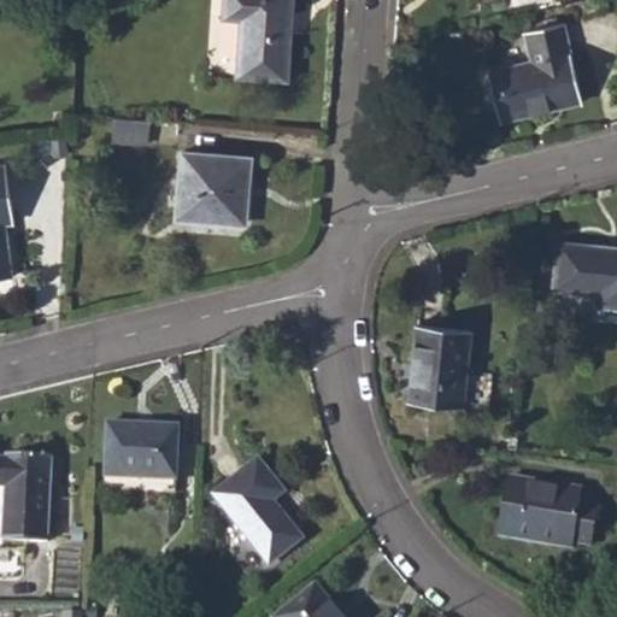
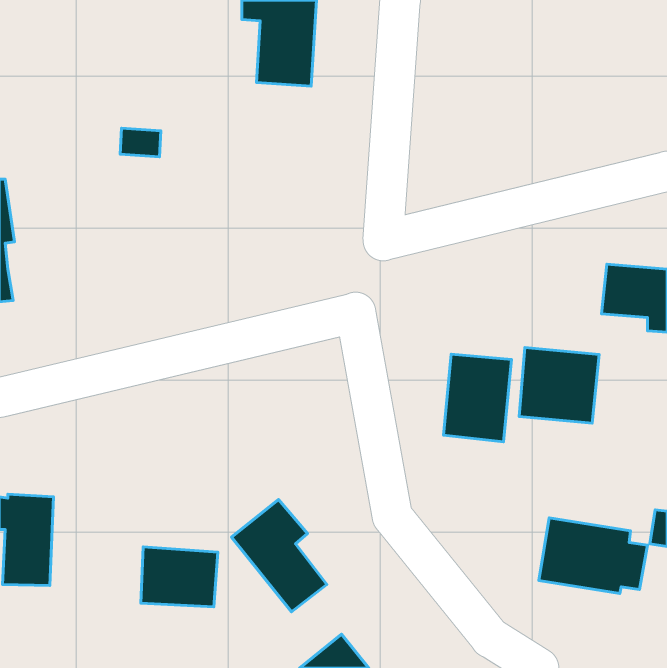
building: [489,23,582,123] -> none
building: [177,152,249,223] -> none
building: none -> [519,348,599,423]
building: [105,423,176,478] -> [141,547,218,607]

